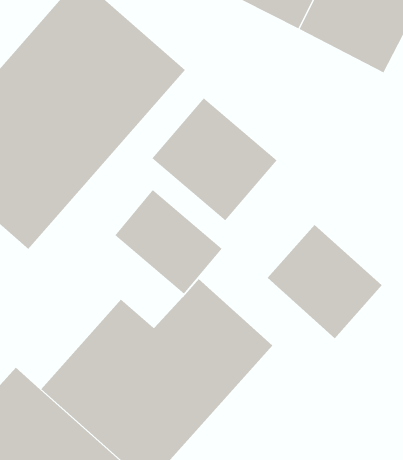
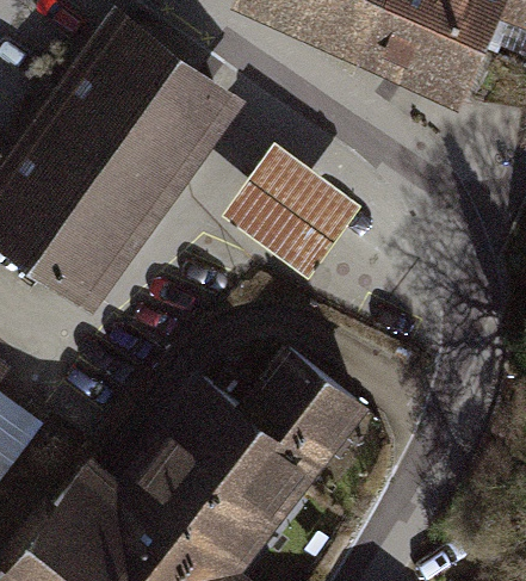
building: [114,189,222,295] -> none
building: [267,224,382,339] -> none

